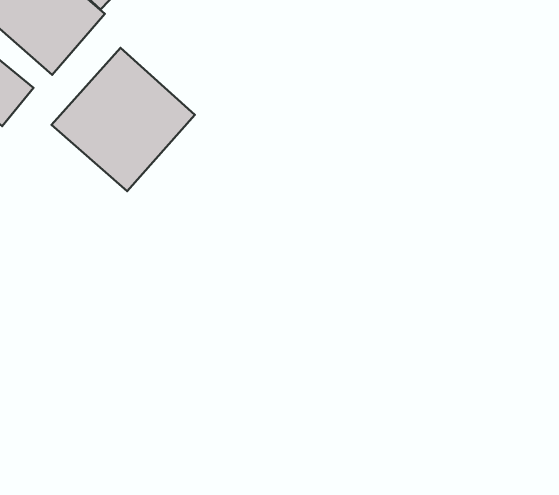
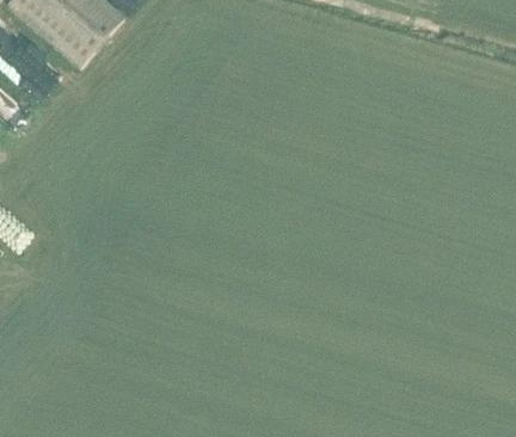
building: [51,48,195,191] -> none

